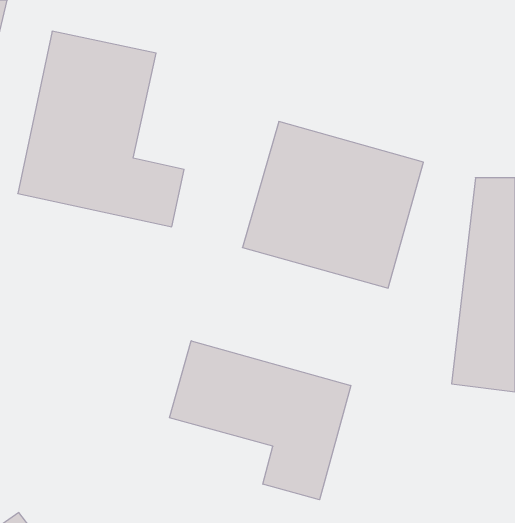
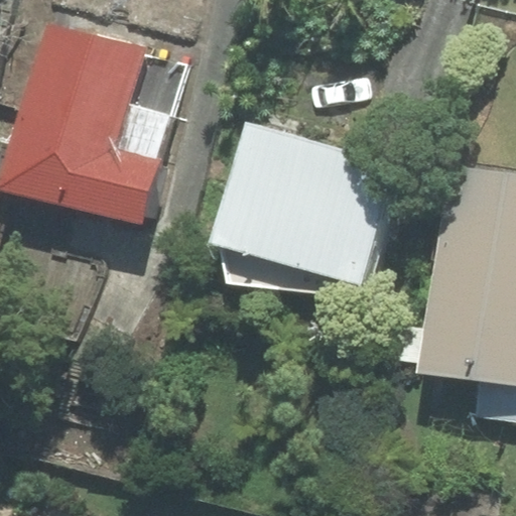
building: [169,341,351,500] -> none

